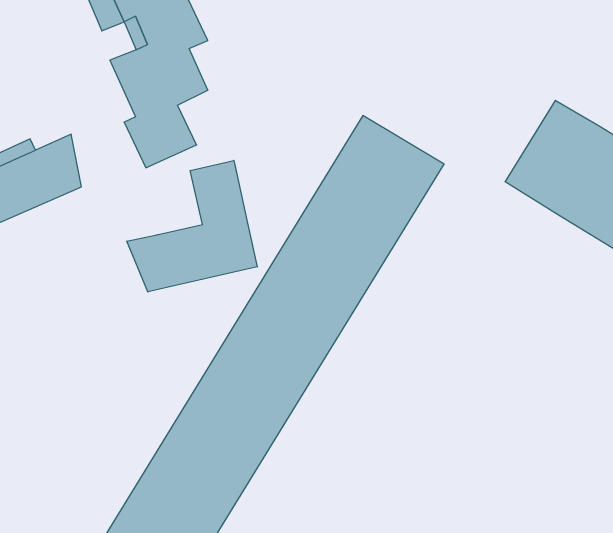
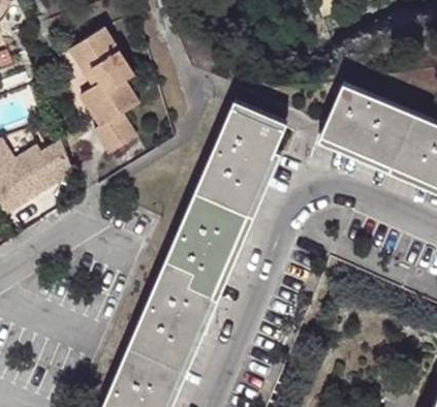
building: [127,160,257,292] -> none

